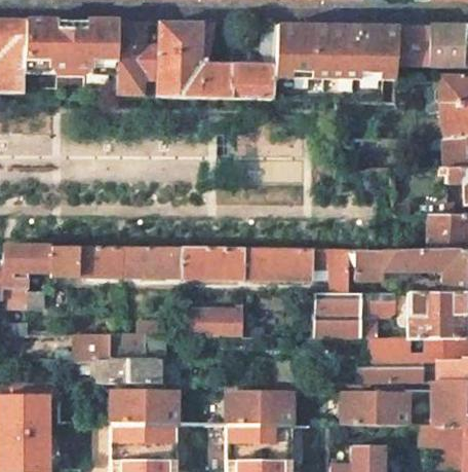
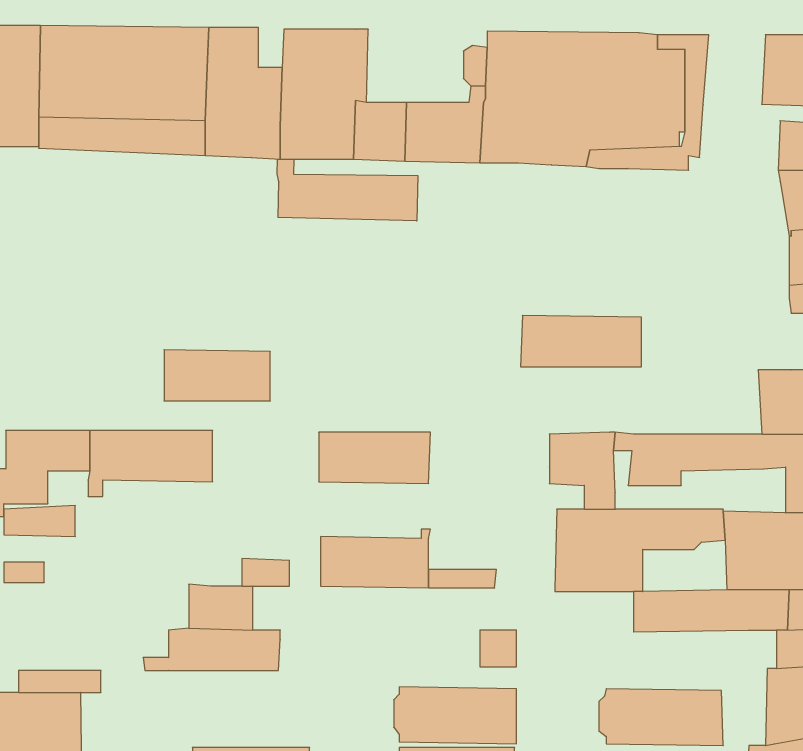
building: [396,26,431,65] -> none
building: none -> [277,159,418,221]
building: [121,248,181,277] -> [164,350,270,401]
building: [242,249,310,278] -> [521,315,641,367]
building: [73,334,108,360] -> none
building: [357,360,422,382] -> none
building: [108,391,177,423] -> none

